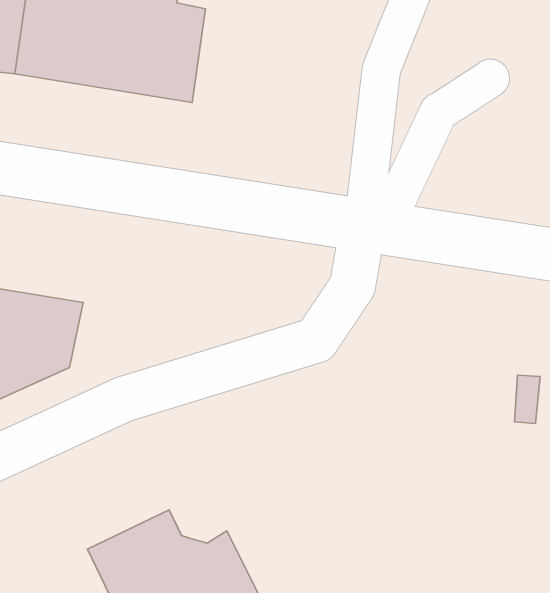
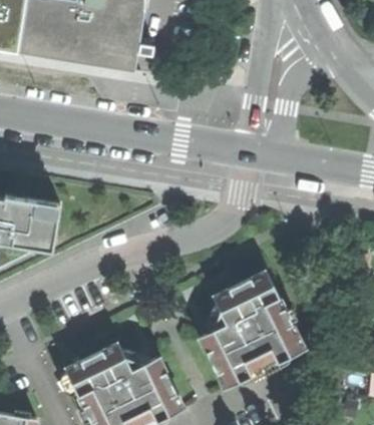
building: none -> [201,271,305,387]

